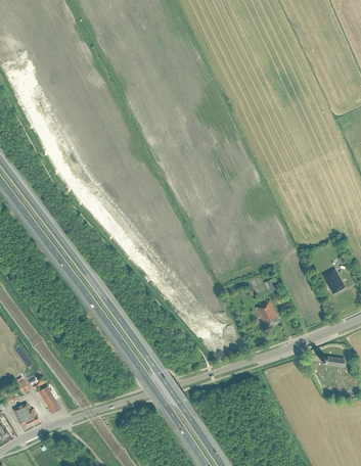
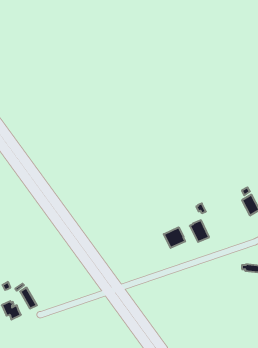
building: none -> [164,227,185,248]

